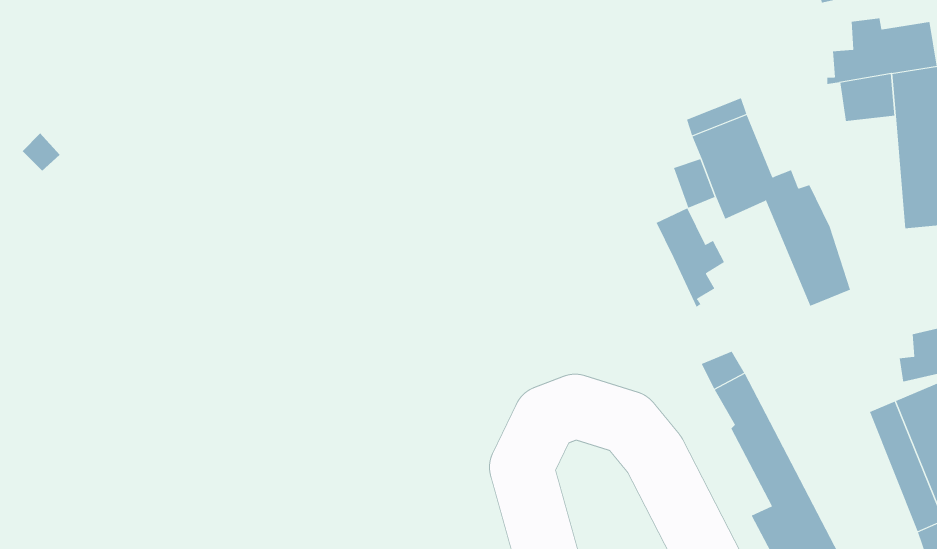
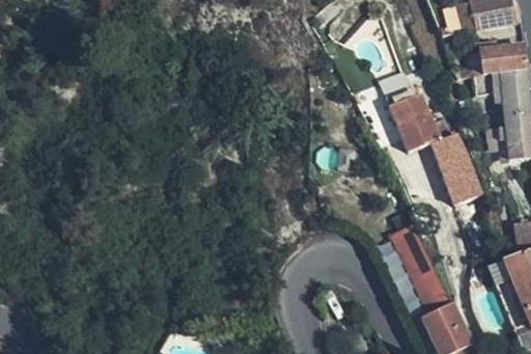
building: [656,207,725,308] -> none

